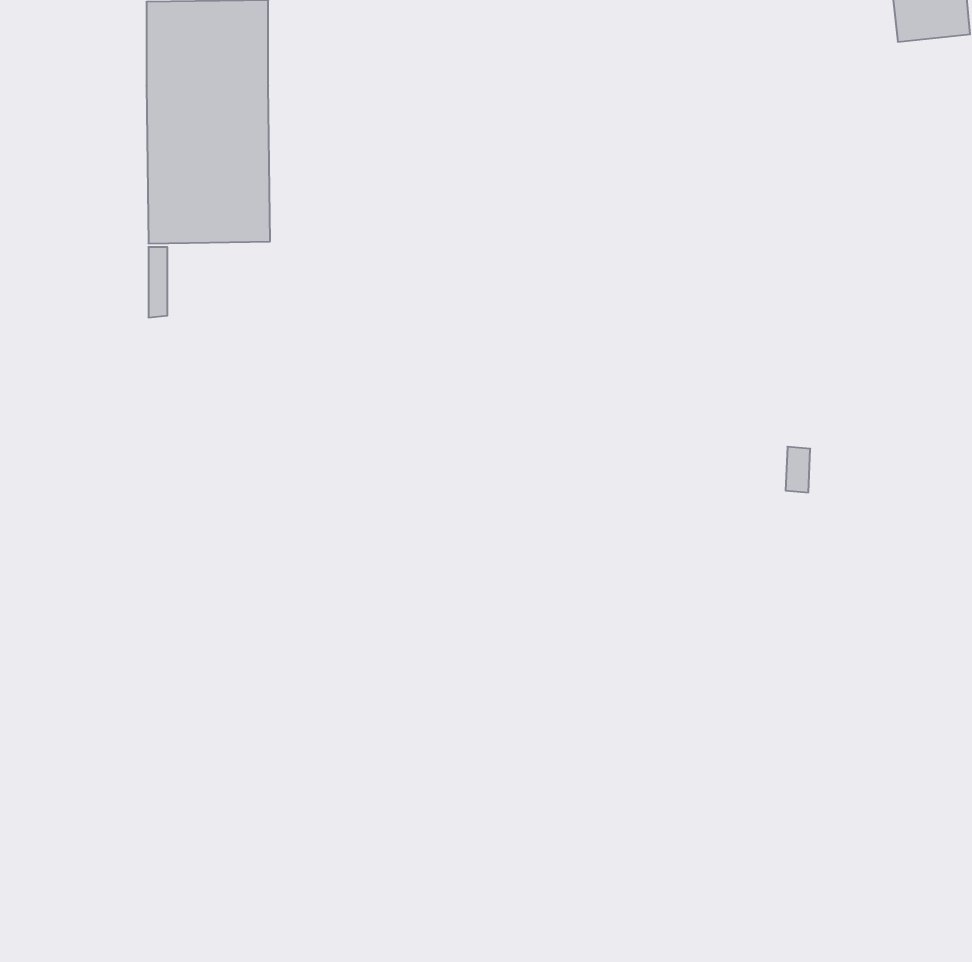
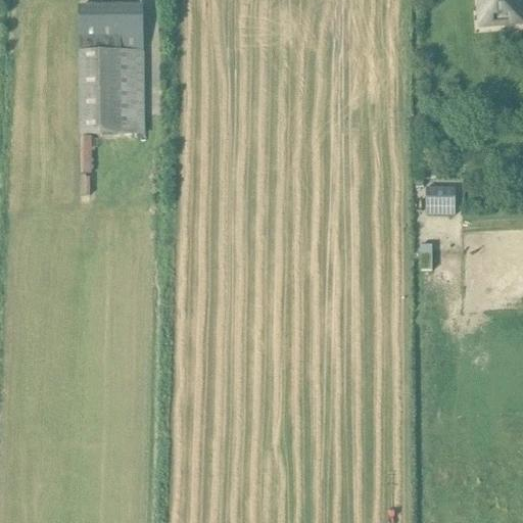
building: none -> [427,187,454,212]

